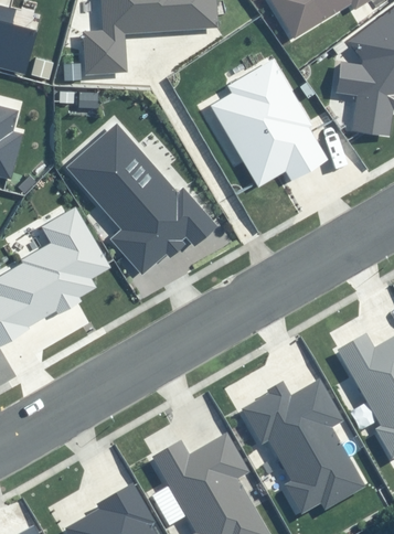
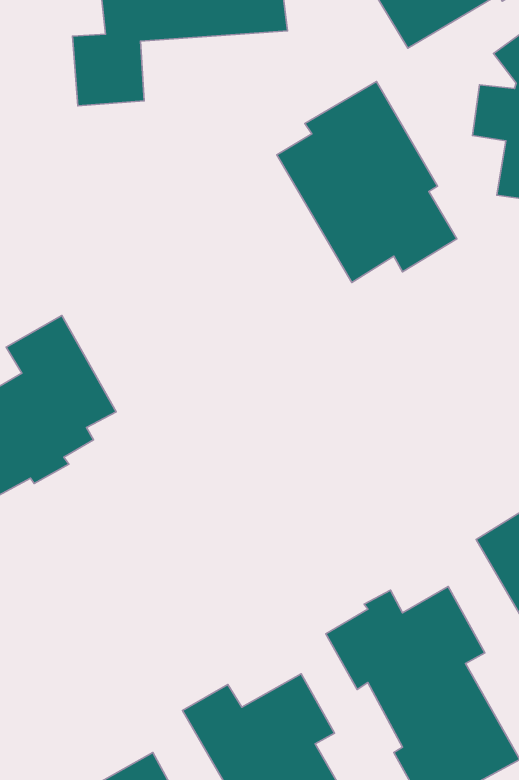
building: [66,124,219,274] -> none

